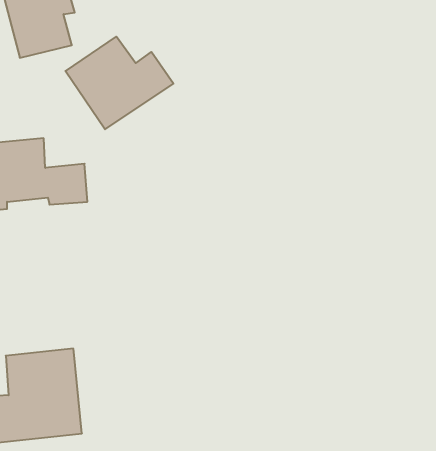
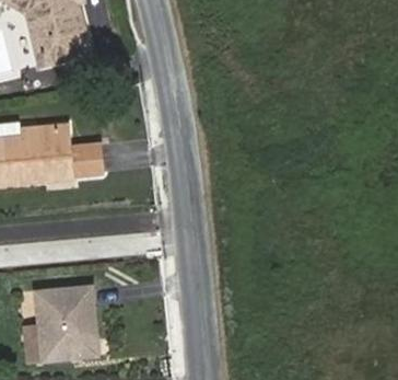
building: [65,37,173,129] -> none

